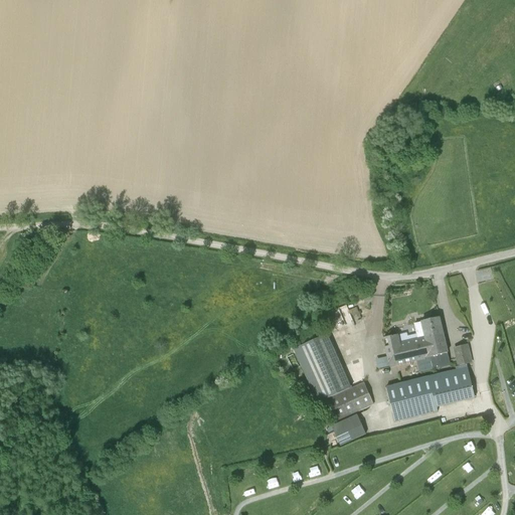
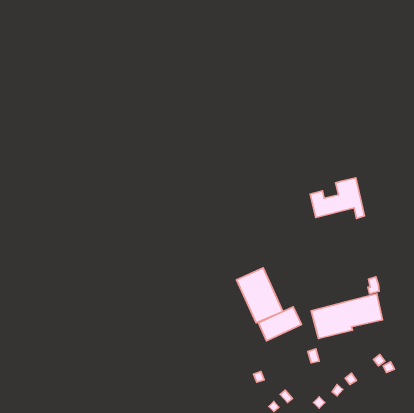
building: [383,316,451,366] -> [310,178,365,218]
building: [332,413,366,444] -> none

